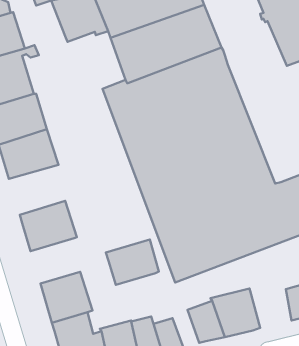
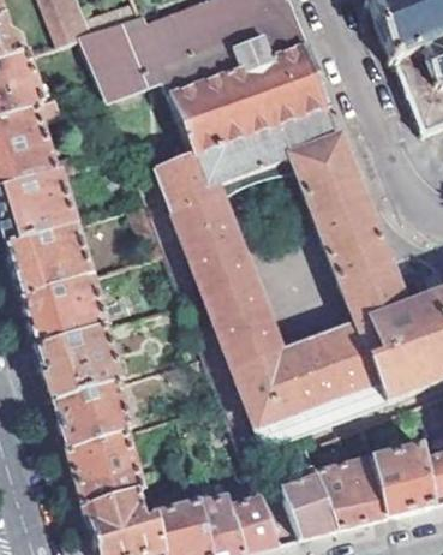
building: none -> [19,274,104,347]
building: [106,239,159,285] -> [50,381,127,447]
building: none -> [370,443,430,512]

